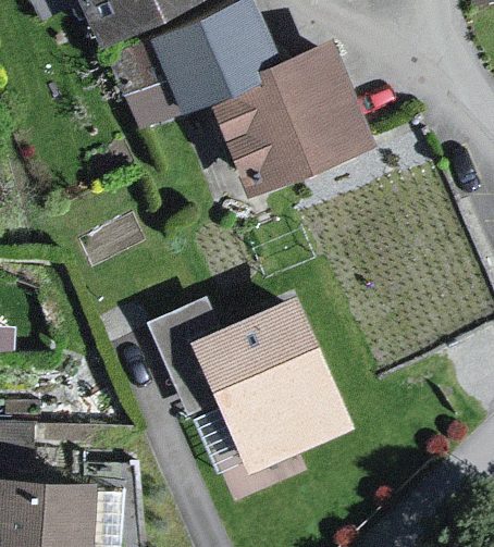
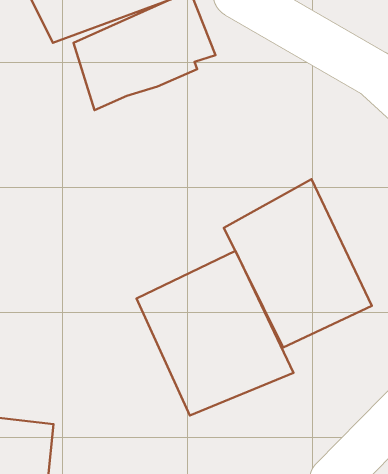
building: [212,46,374,199] -> none
building: none -> [224,179,372,348]

